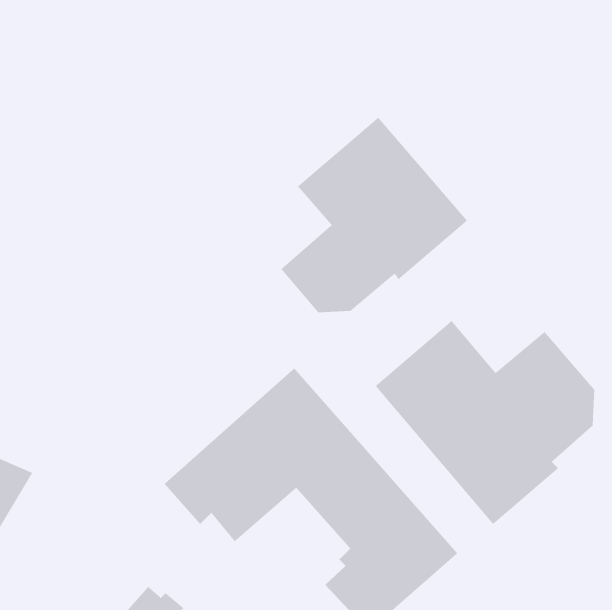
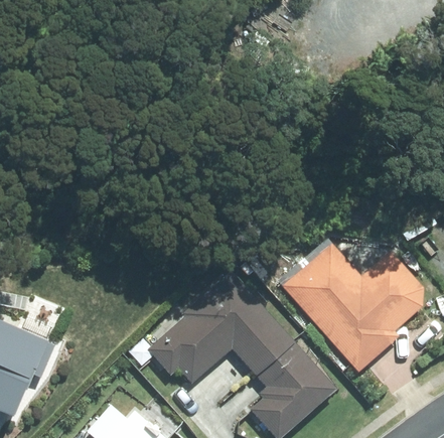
building: [281,117,468,313] -> none

